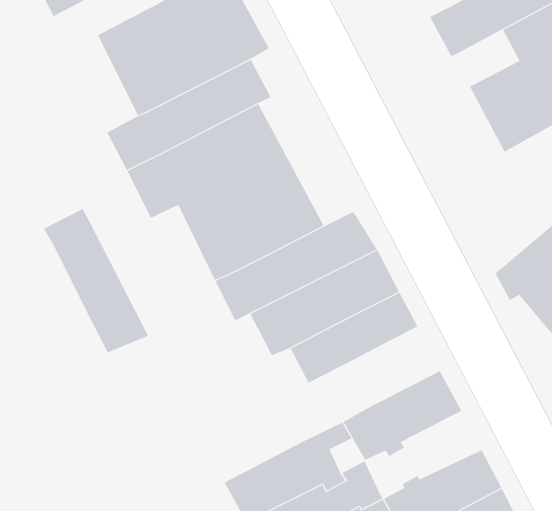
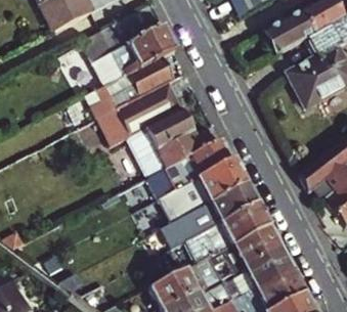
building: [43,208,149,353] -> none
building: none -> [181,203,271,267]
building: none -> [229,250,295,299]

